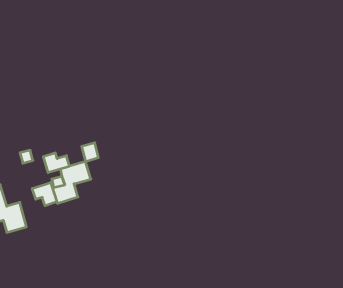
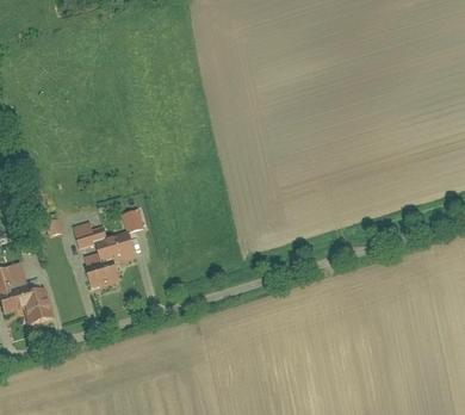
building: [32,182,57,206] -> none

